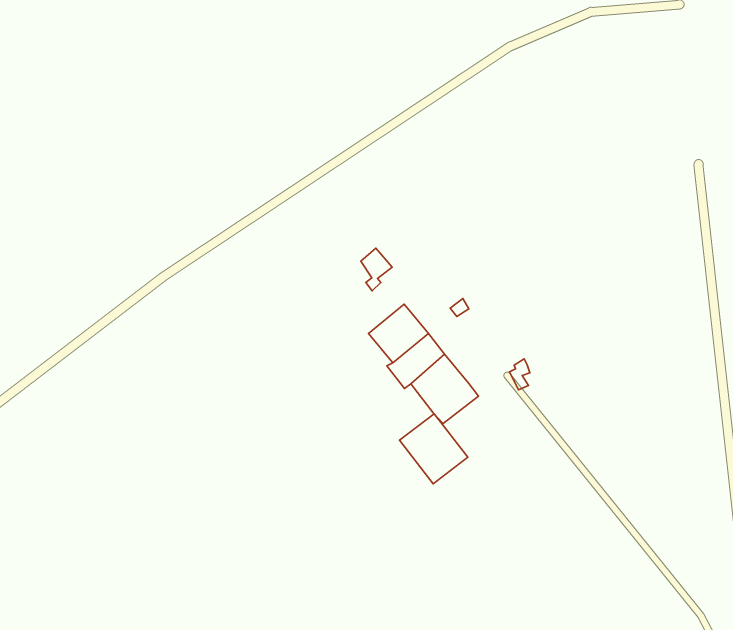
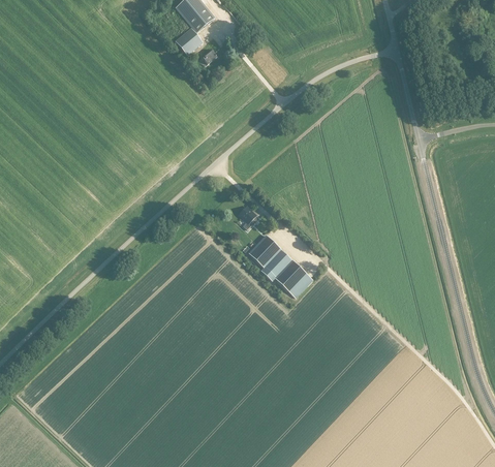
building: [400,414,468,484] -> none

